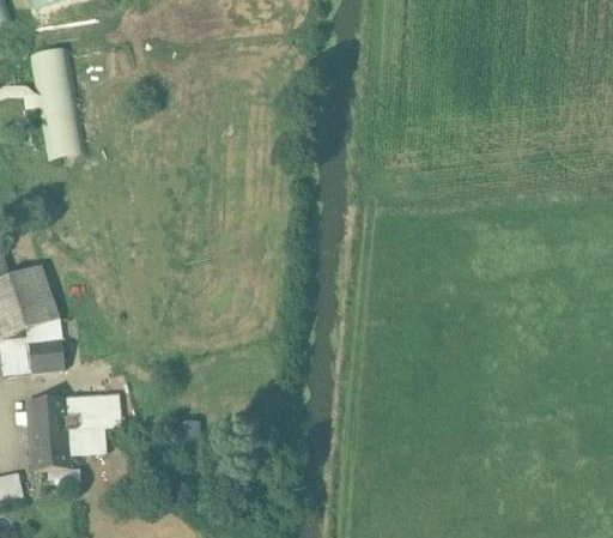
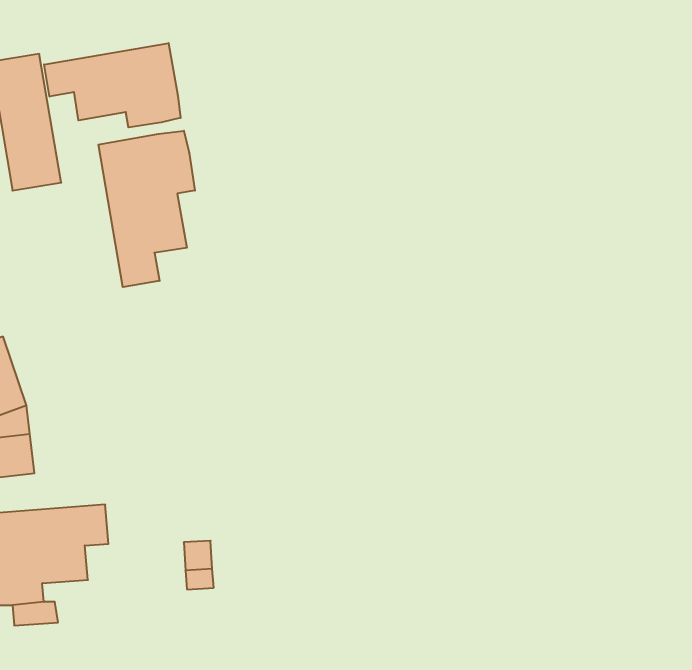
building: none -> [44,43,181,127]
building: none -> [98,131,195,287]

